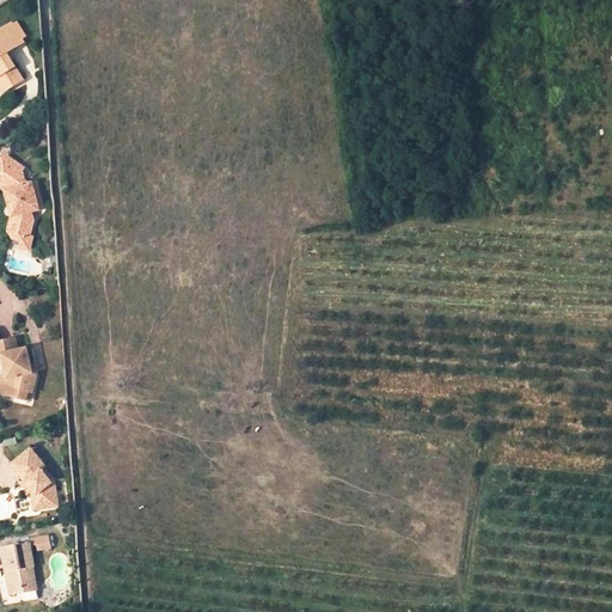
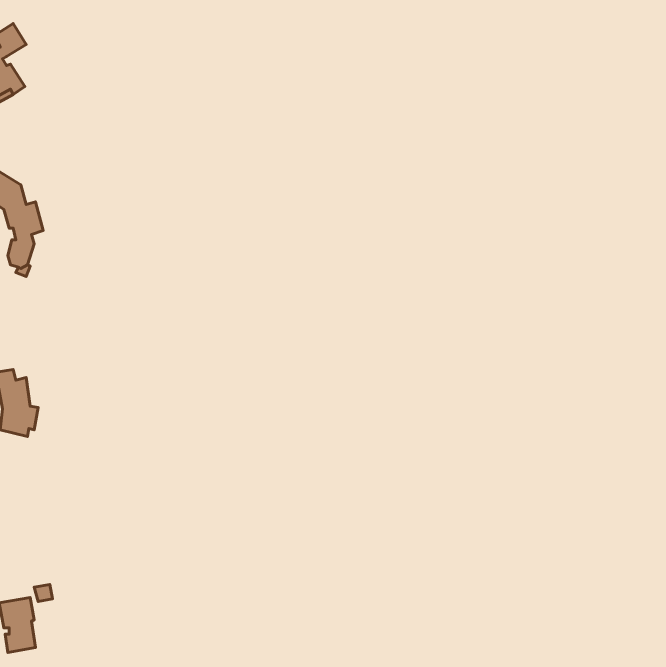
building: [14,448,56,509] -> none

